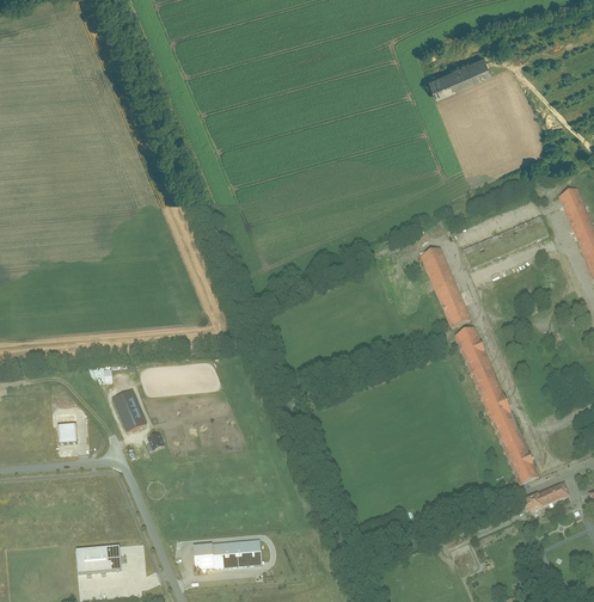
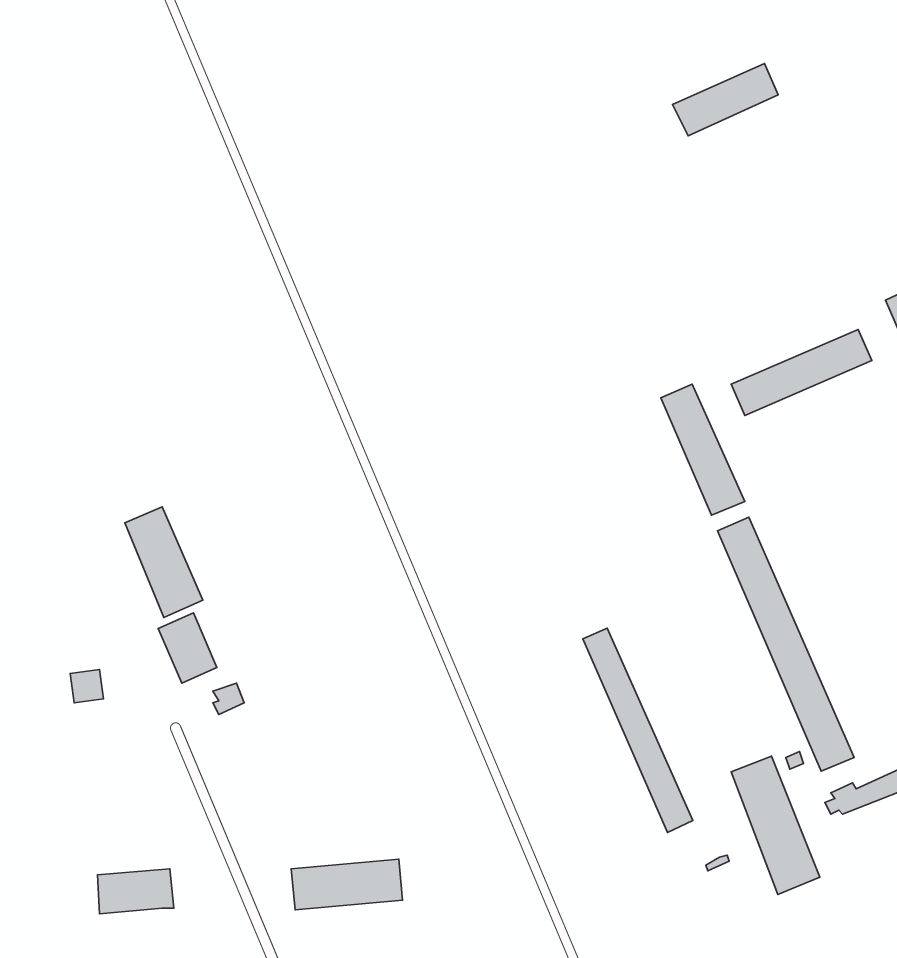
building: none -> [125,507,203,617]
building: none -> [583,628,693,832]
building: none -> [731,756,820,895]

